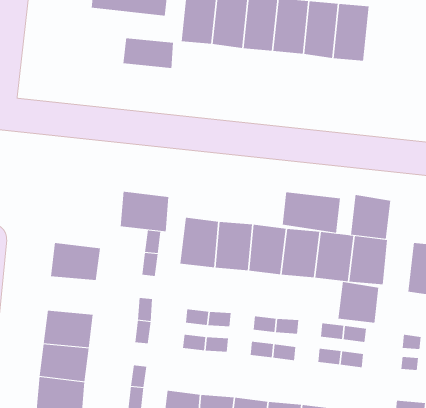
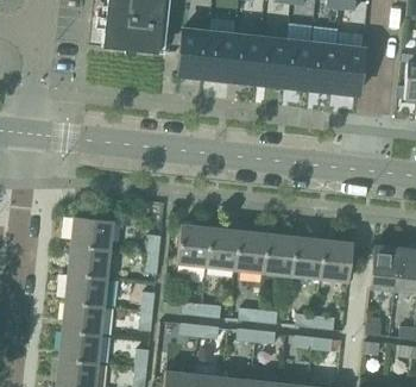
building: none -> [333,45,364,94]
building: [123,37,174,69] -> none
building: [120,191,169,232] -> [71,216,113,250]
building: [282,191,341,233] -> none
building: [350,194,391,239] -> none
building: none -> [65,274,107,306]
building: [338,281,379,323] -> none

